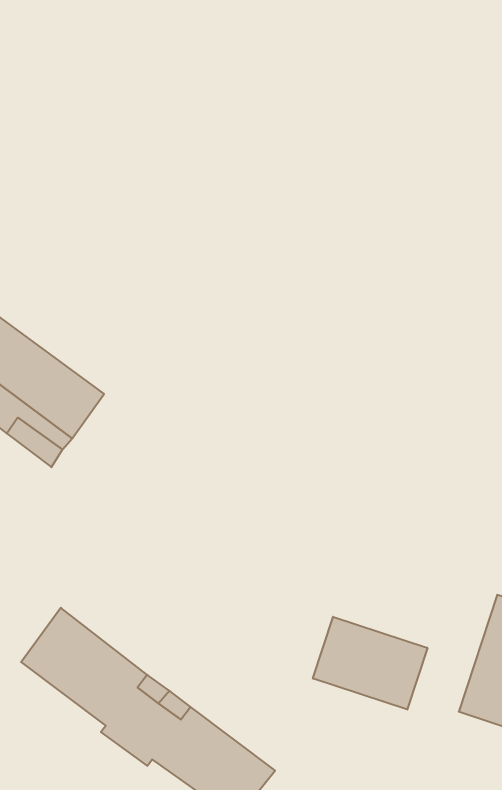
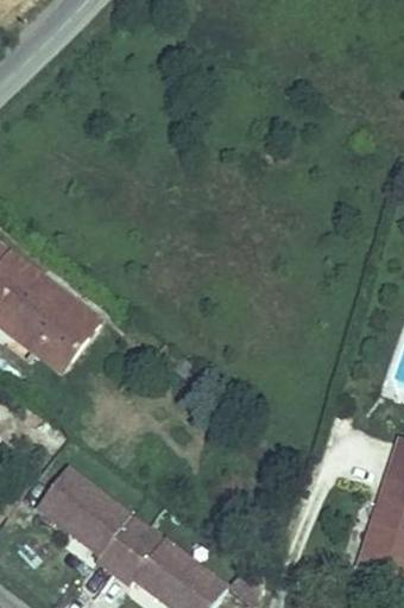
building: [313,617,427,710] -> none

